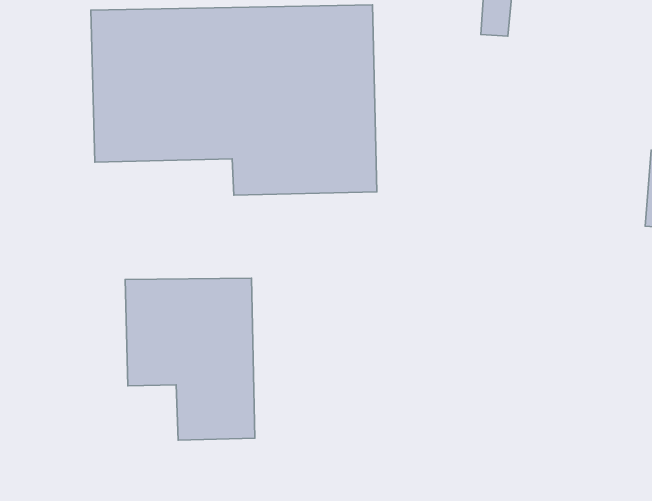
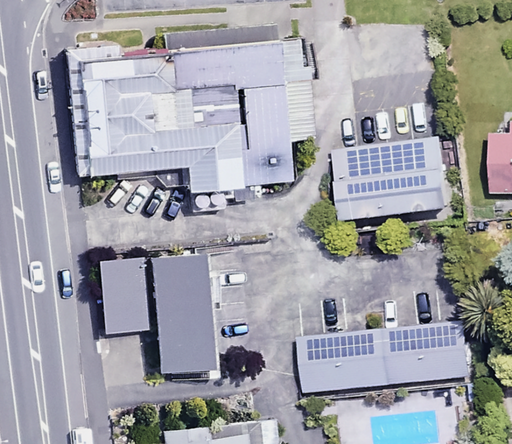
building: none -> [336,144,447,218]
building: none -> [291,320,477,394]

